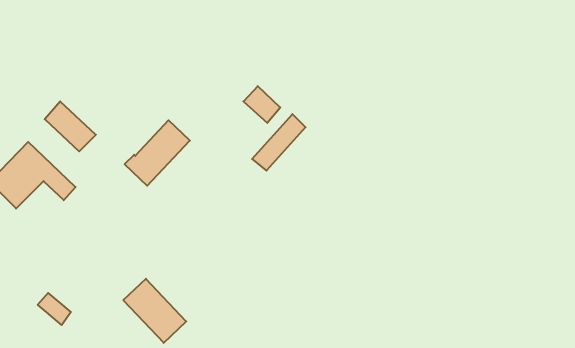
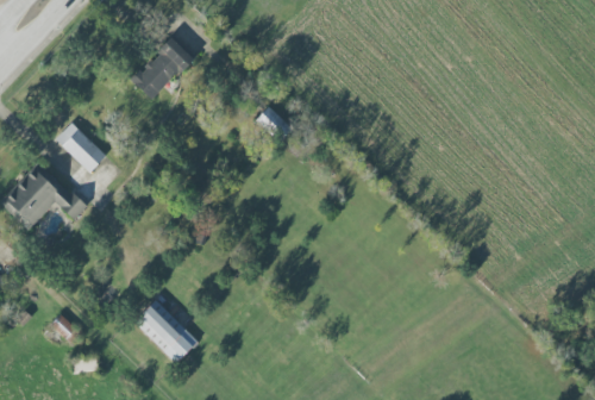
building: [252,114,306,171] -> none
building: [125,120,190,186] -> [130,36,195,101]

